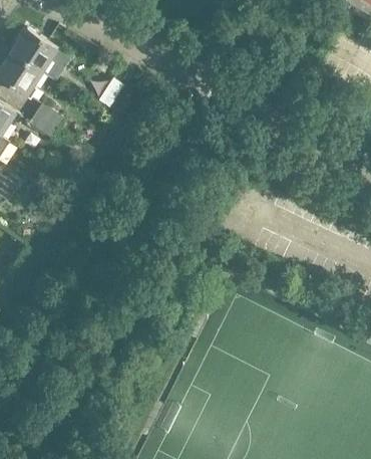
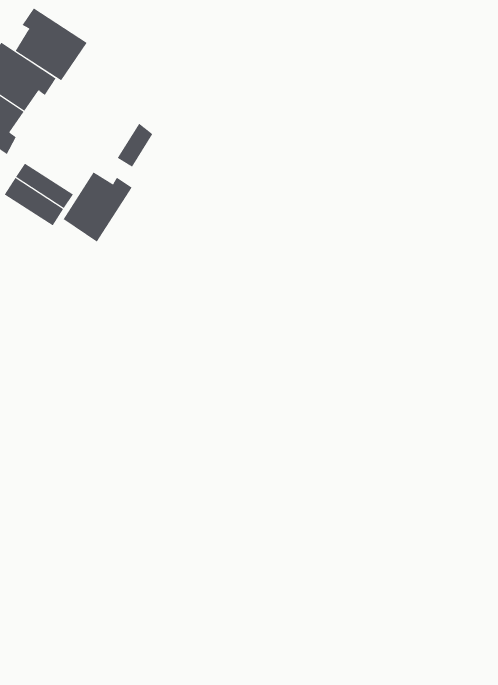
building: none -> [15,7,88,81]
building: none -> [63,172,132,242]

